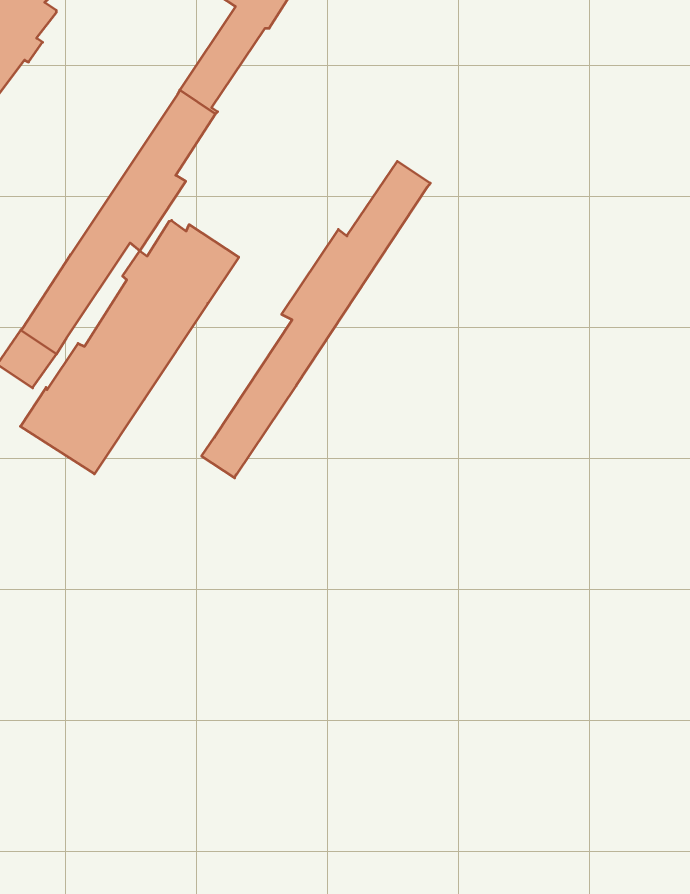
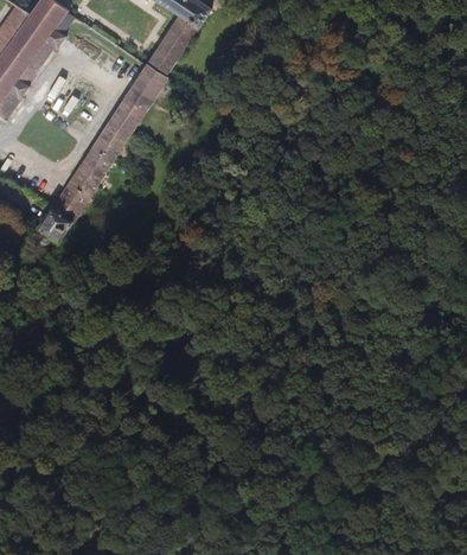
building: [202,161,430,478] -> none
building: [20,220,239,474] -> none

